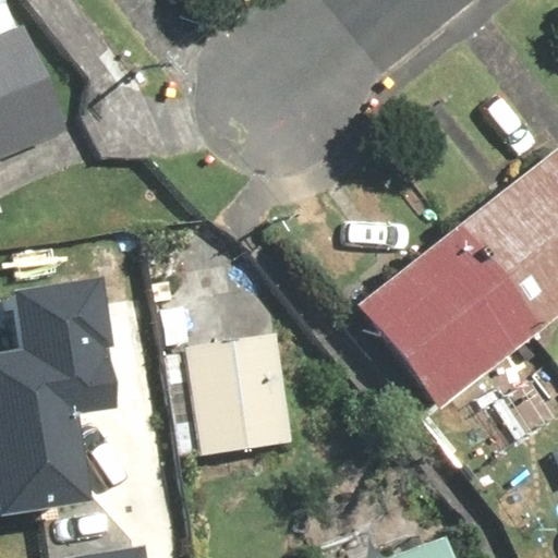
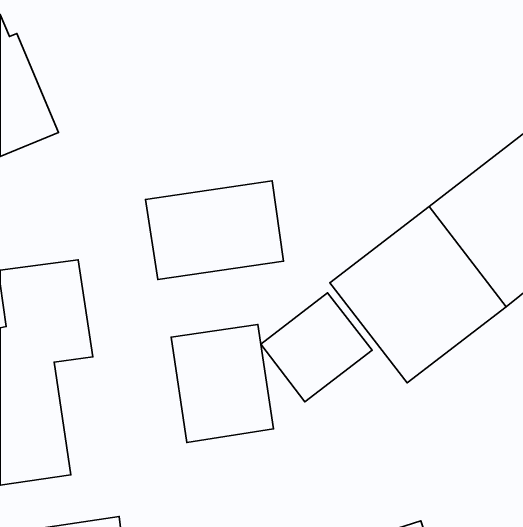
building: none -> [145,181,283,280]
building: none -> [261,293,372,402]

